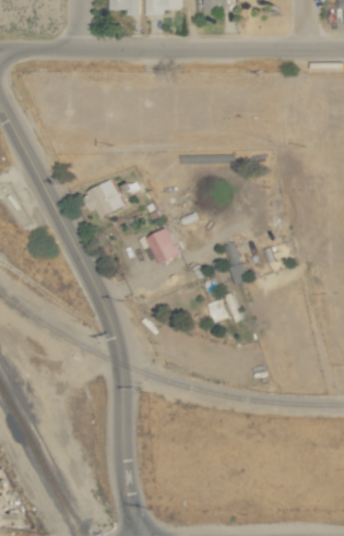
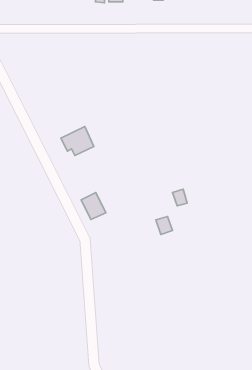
building: [146,226,179,262] -> [81,192,106,220]

